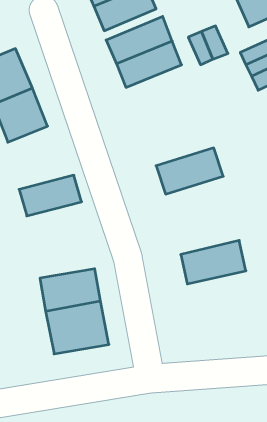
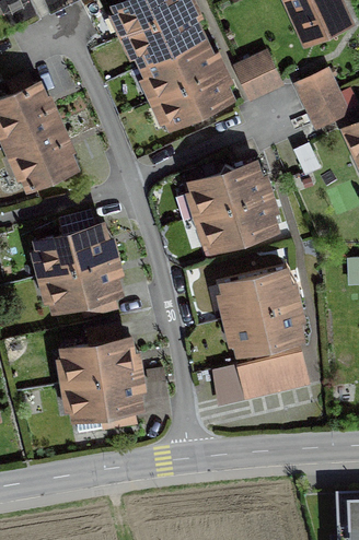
building: none -> [188,161,265,213]
building: none -> [48,255,120,305]
building: none -> [219,268,294,316]
building: none -> [216,347,306,398]

